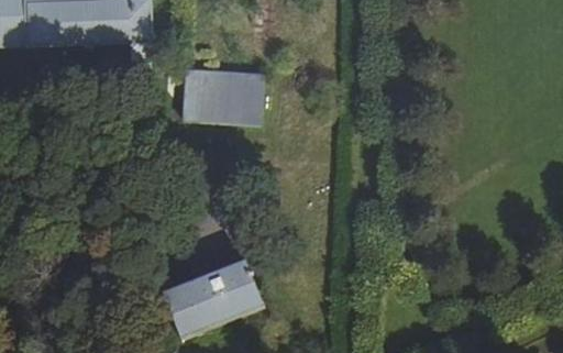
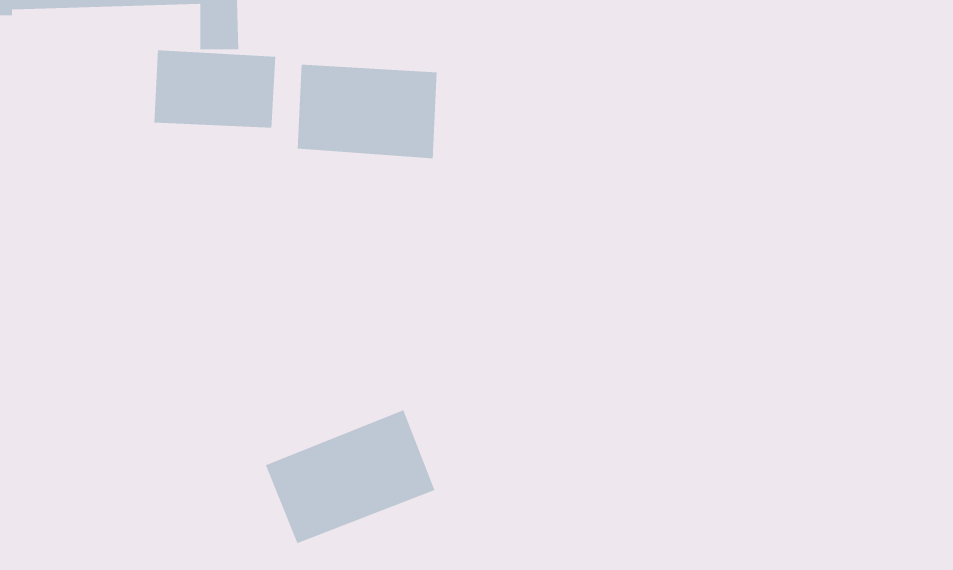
building: none -> [154,49,276,128]

